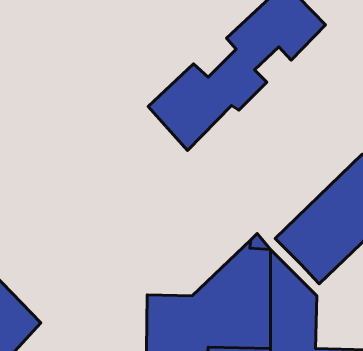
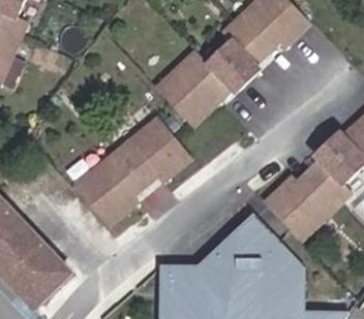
building: none -> [75,124,191,227]

